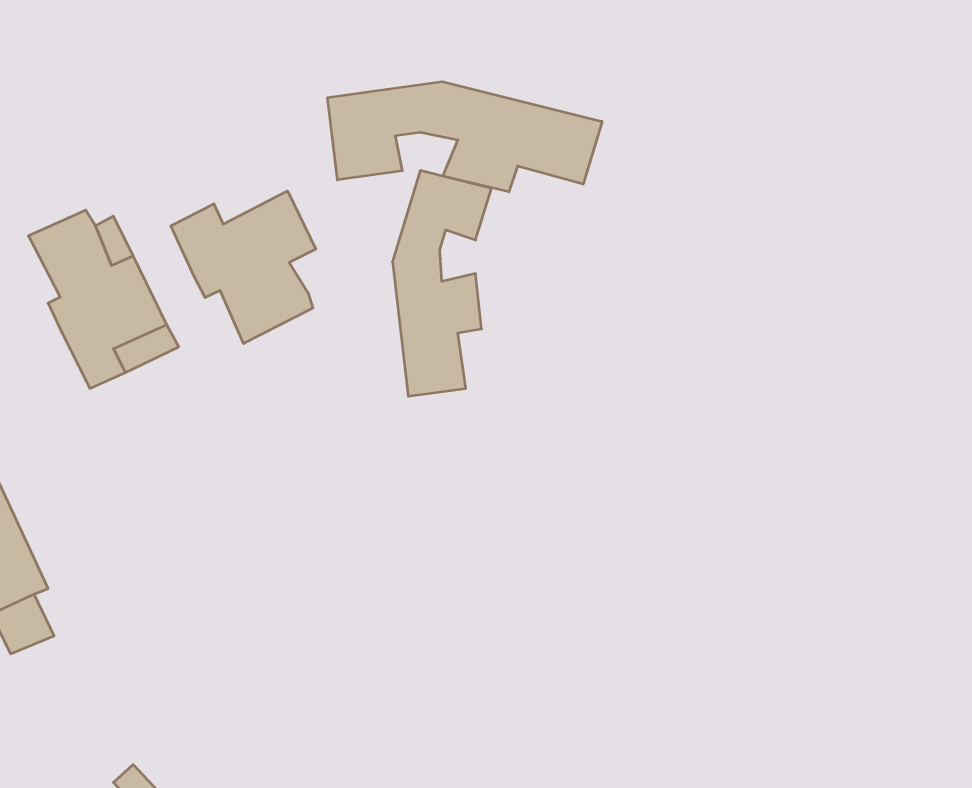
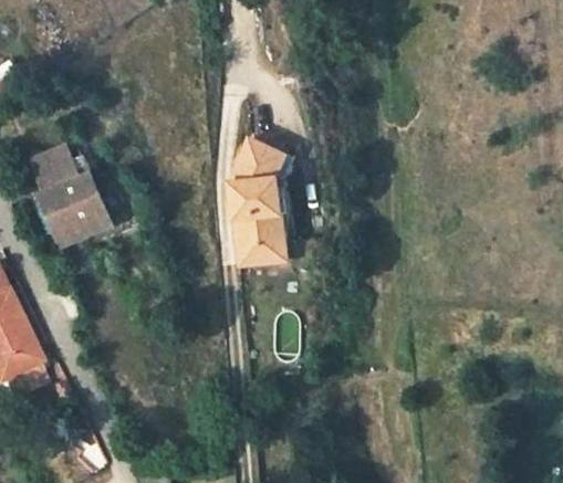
building: [328,82,602,192] -> none
building: [171,191,316,344] -> none

